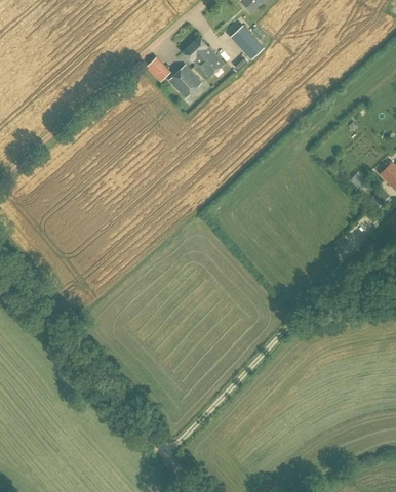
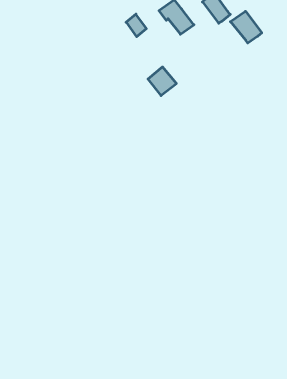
building: none -> [230,11,262,43]
building: [169,66,202,98] -> [148,67,176,96]

